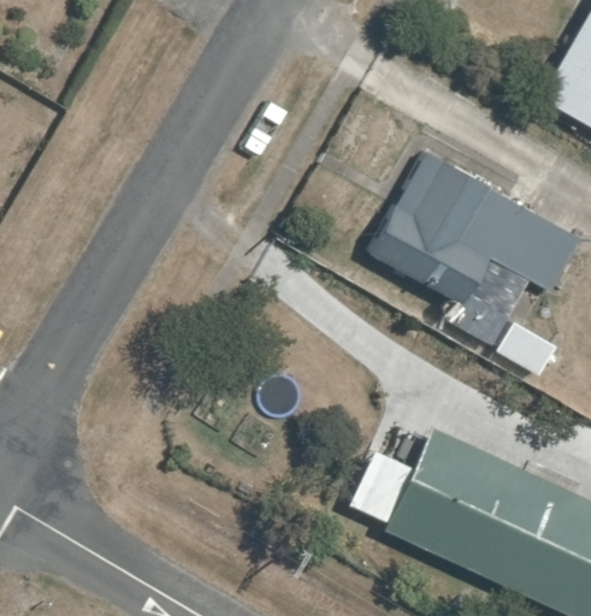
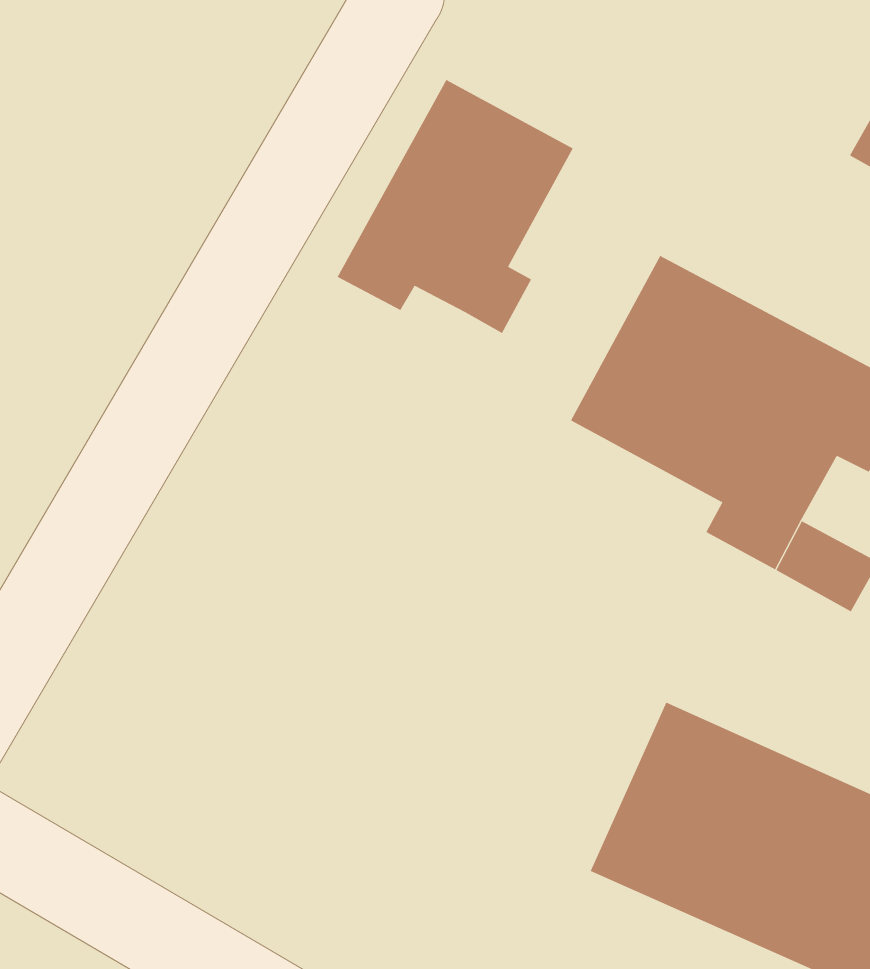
building: none -> [337,79,574,334]

